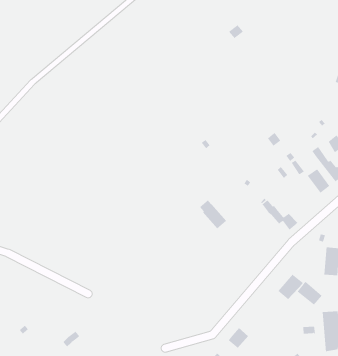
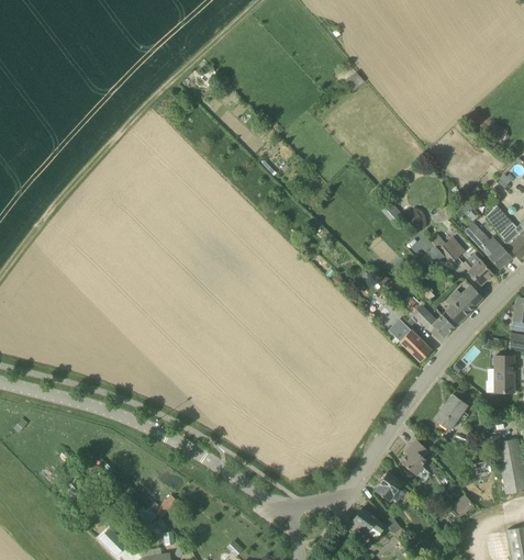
building: none -> [442,284,482,326]
building: [199,200,227,229] -> [393,323,432,361]
building: [297,281,322,305] -> none
building: none -> [401,439,430,474]

